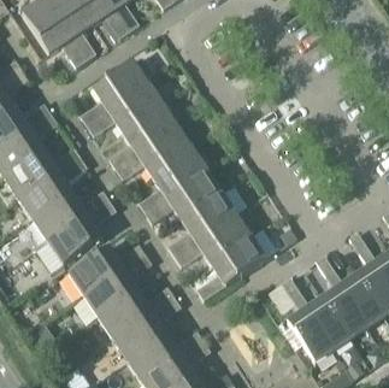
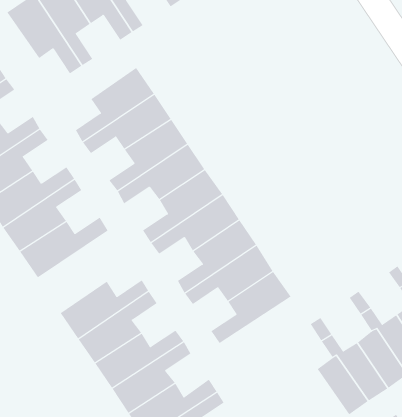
building: [47,201,114,264] -> none

